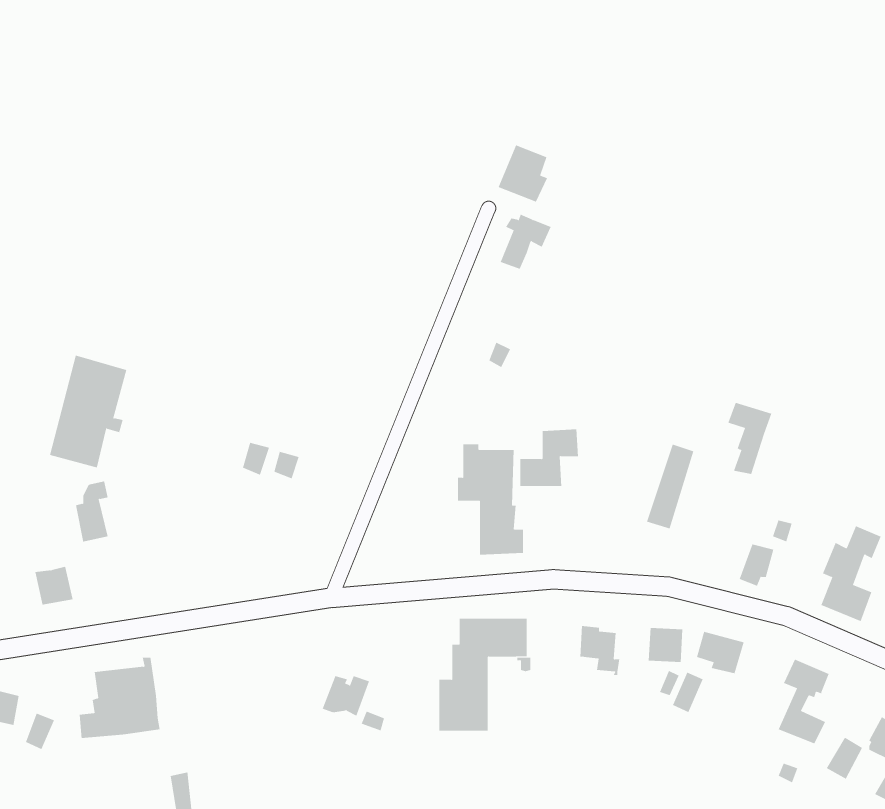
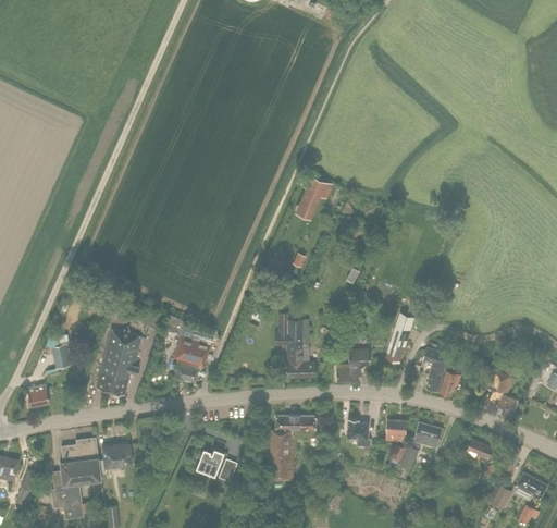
building: [498,144,548,203] -> none
building: [49,355,127,468] -> [96,329,141,395]
building: [728,402,772,475] -> [423,347,449,390]
building: [520,429,579,486] -> [335,347,370,381]
building: none -> [174,336,210,381]
building: none -> [98,443,132,474]
building: none -> [50,483,84,519]

